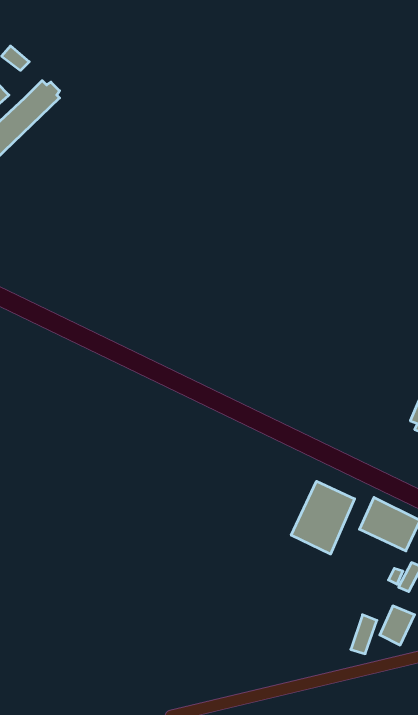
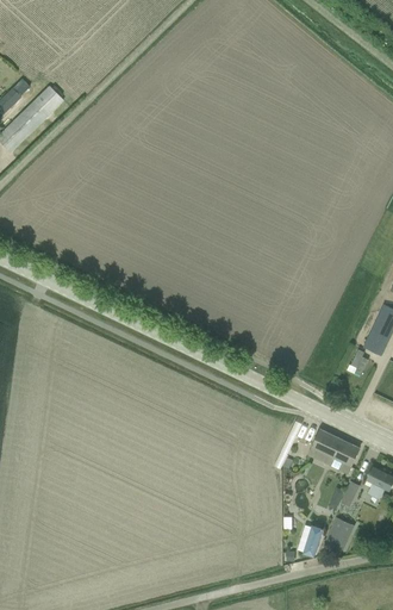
building: [291,481,355,554] -> none

